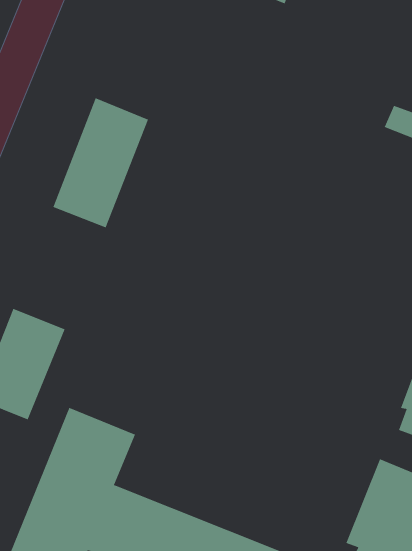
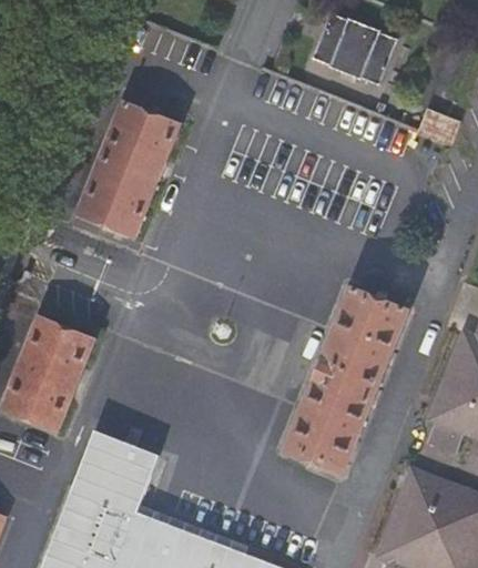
building: none -> [311,16,394,87]
building: none -> [286,290,405,475]

